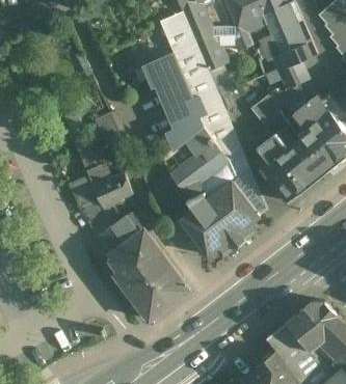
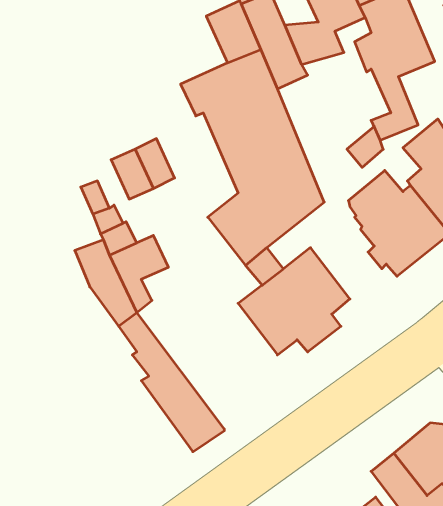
building: [110,216,189,305] -> none

